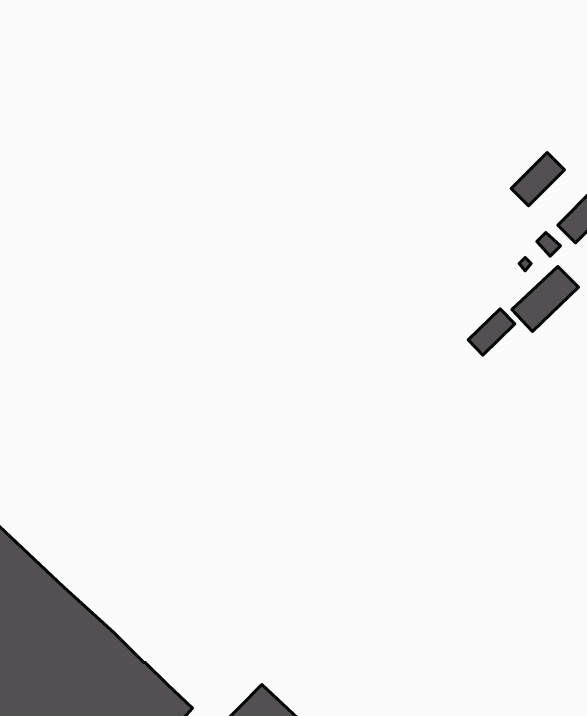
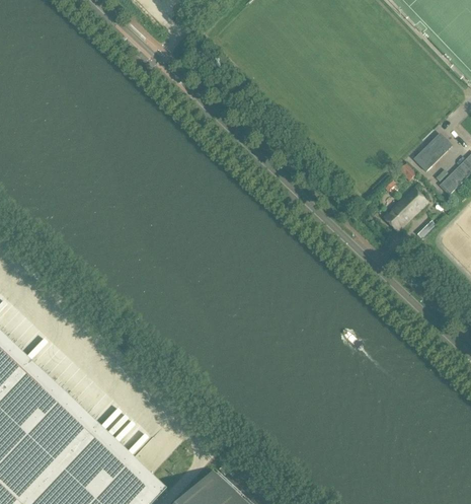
building: [511,153,564,206] -> none
building: [468,309,515,355] -> none

